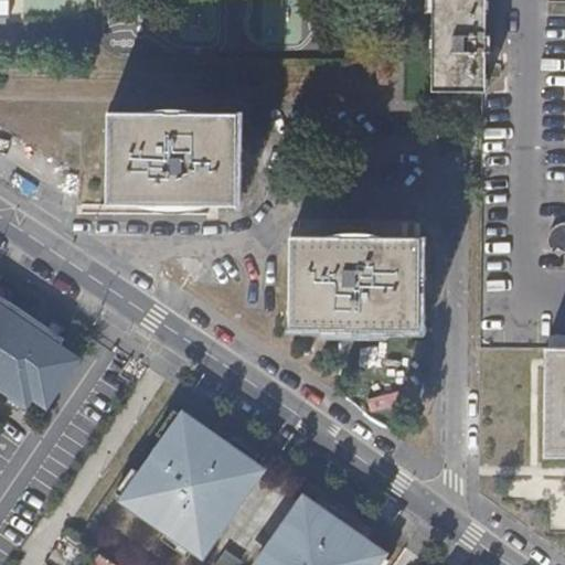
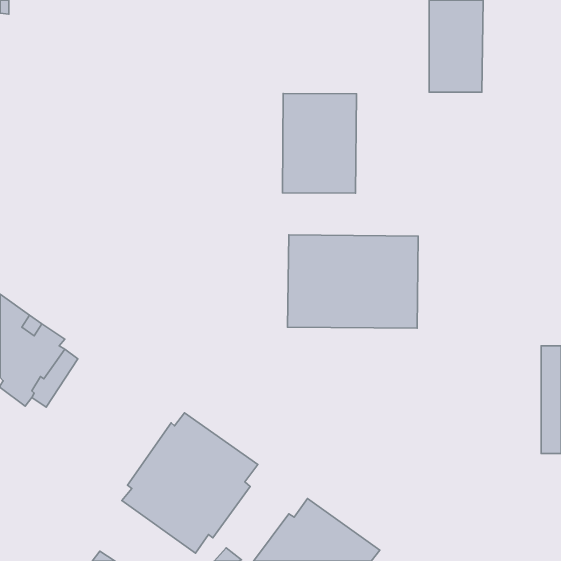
building: none -> [282,93,356,193]
building: [108,114,238,206] -> none

